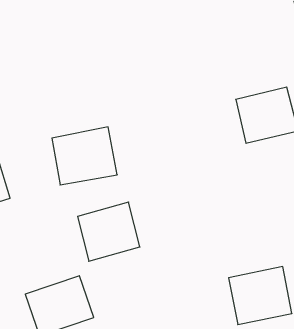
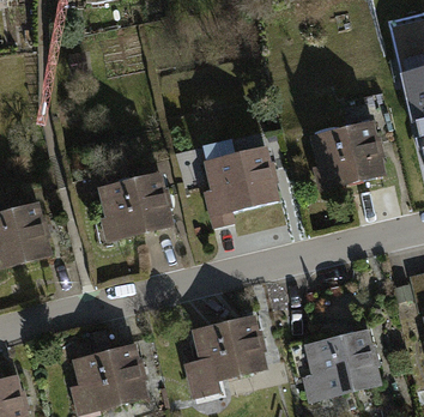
building: none -> [207,147,277,208]
building: [78,202,140,261] -> [195,313,268,382]

